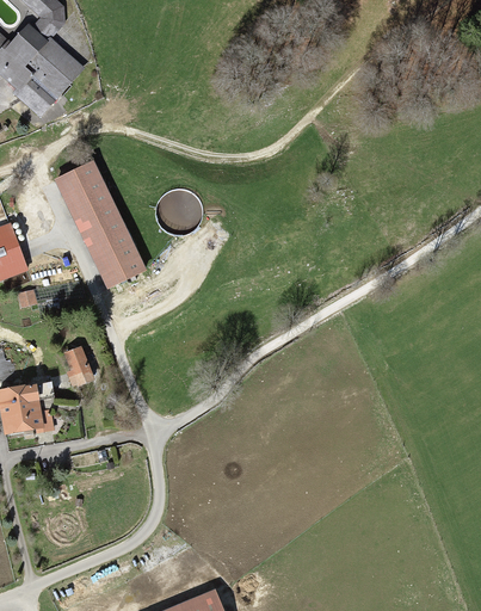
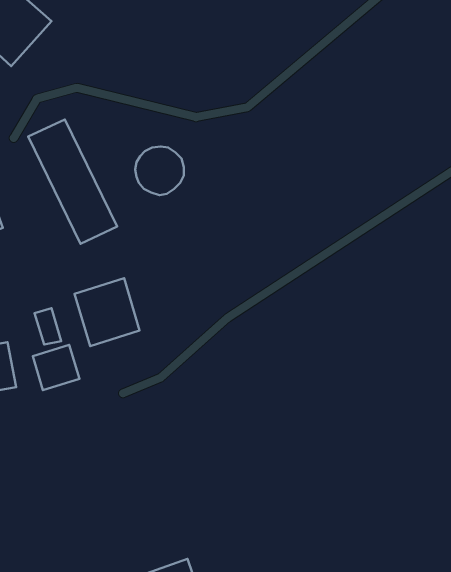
building: none -> [75,278,140,346]
building: none -> [33,345,79,390]

